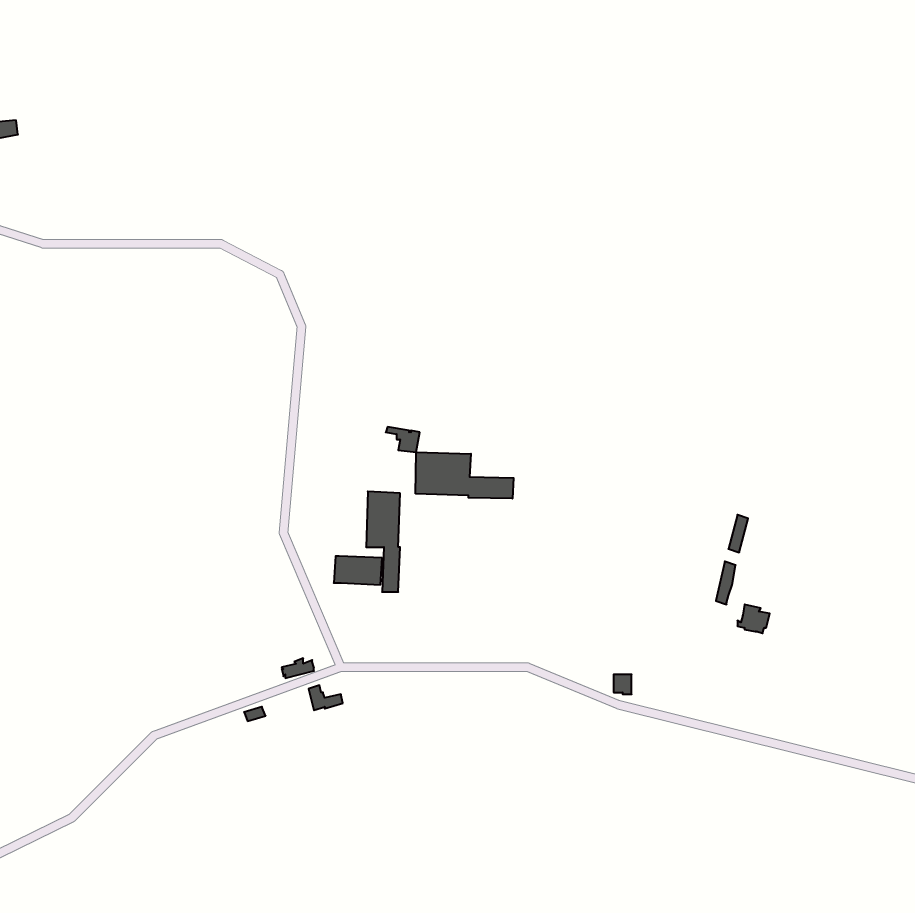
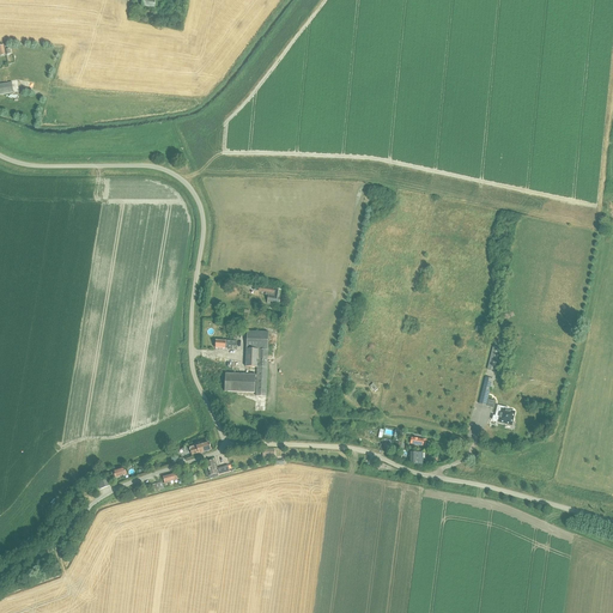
building: [416,452,514,499] -> none

